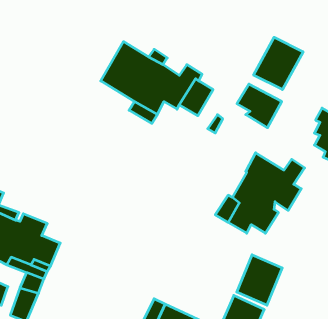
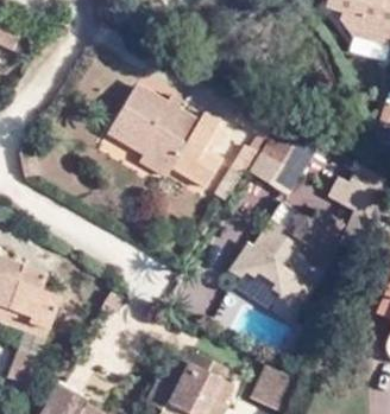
building: [254,37,303,90] -> none
building: [237,255,282,305] -> none

